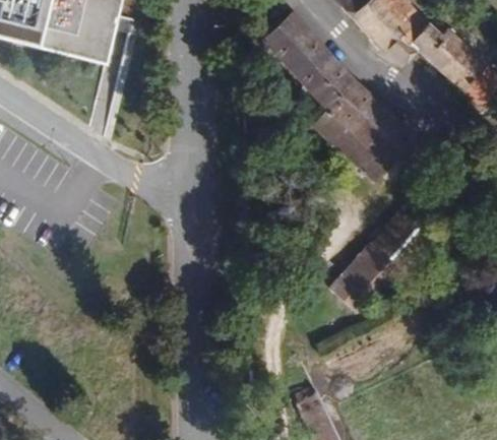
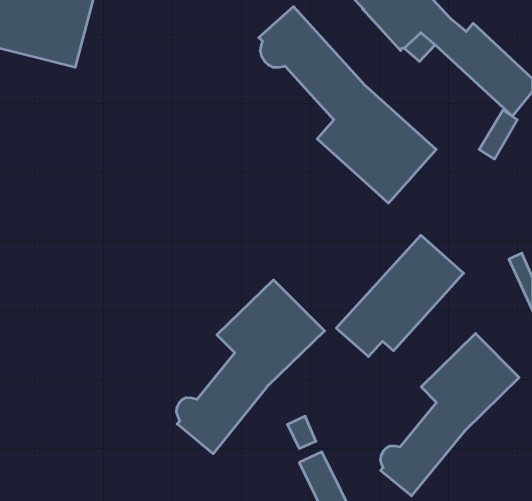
building: none -> [176,280,325,454]
building: none -> [381,333,519,496]

